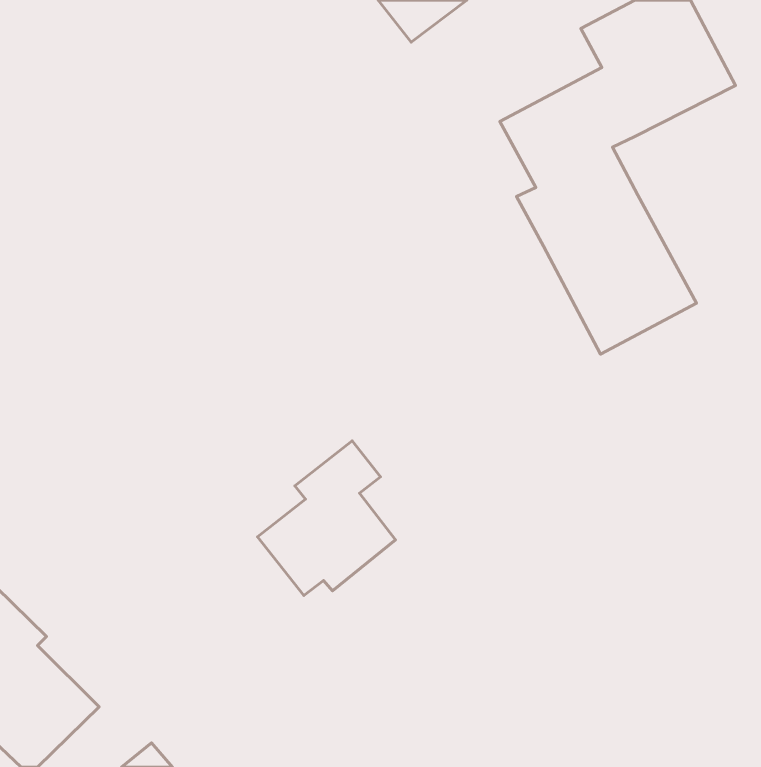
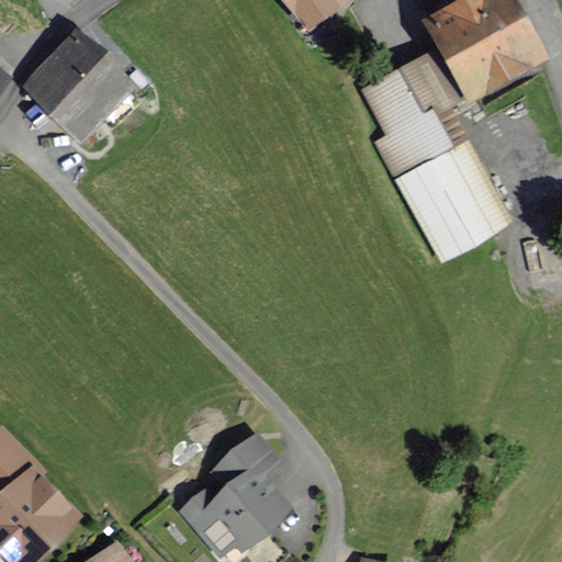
building: none -> [22,36,126,139]
building: [257,441,396,595] -> [182,439,283,552]

